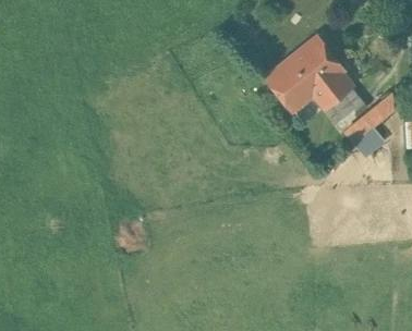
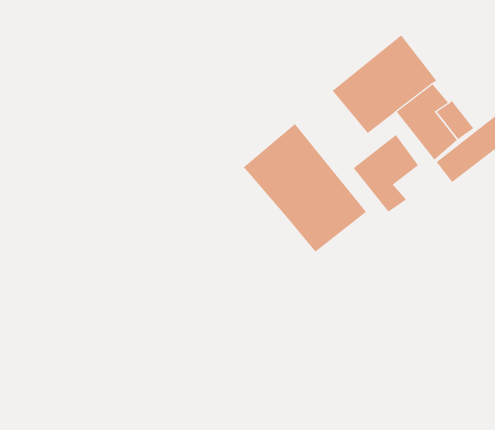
building: none -> [243,123,367,253]
building: none -> [353,134,419,213]

